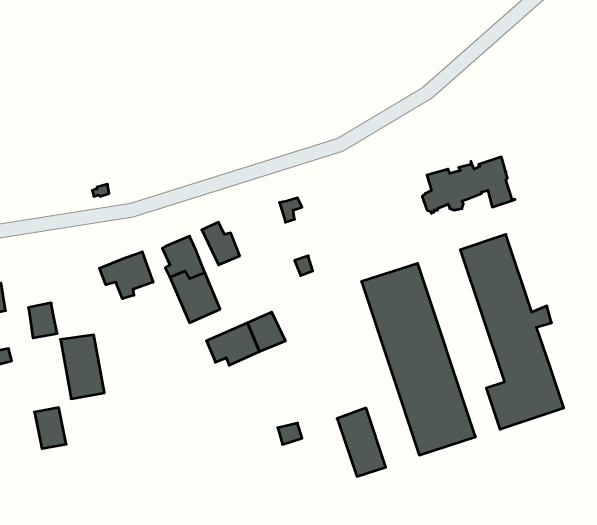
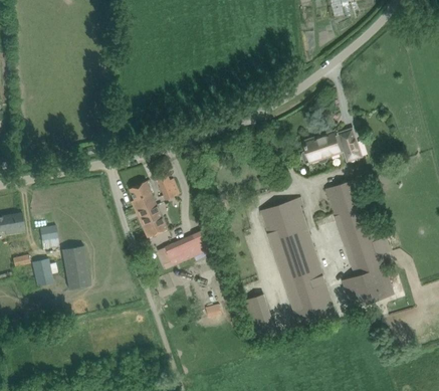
building: [99,252,153,299] -> none
building: [34,408,66,449] -> [31,259,52,286]

